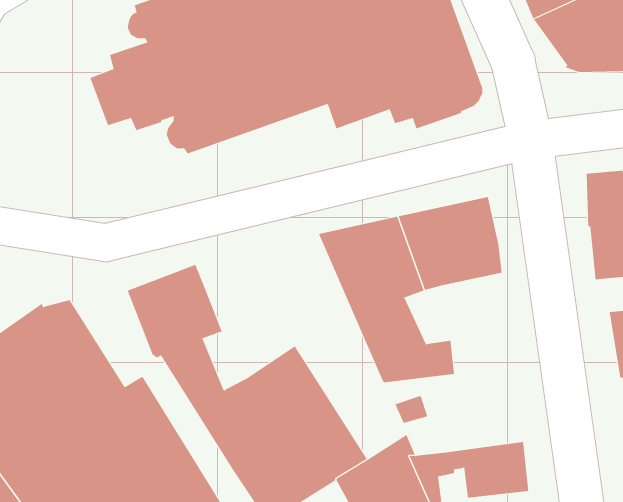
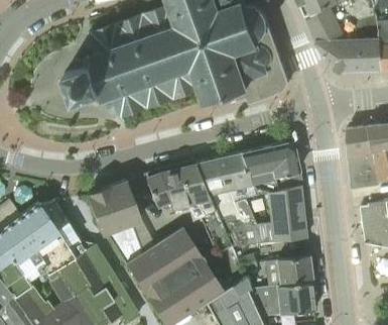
building: none -> [144,163,231,253]
building: none -> [266,185,305,242]
building: none -> [264,255,311,287]

